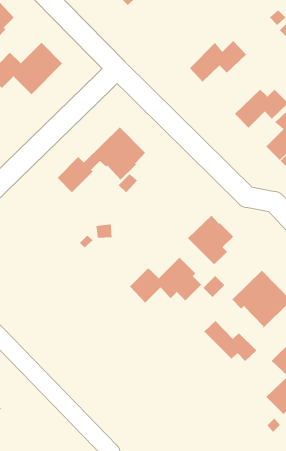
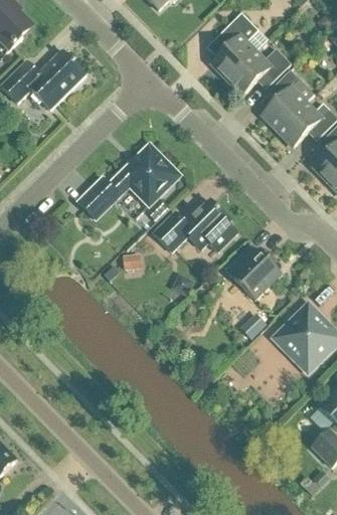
building: none -> [210,12,267,78]
building: none -> [262,69,314,130]
building: [129,257,204,304] -> [153,199,236,251]
building: [204,320,257,362] -> none

